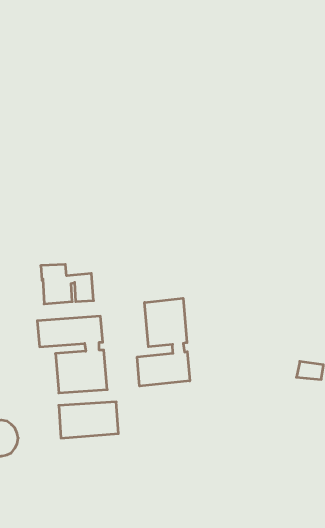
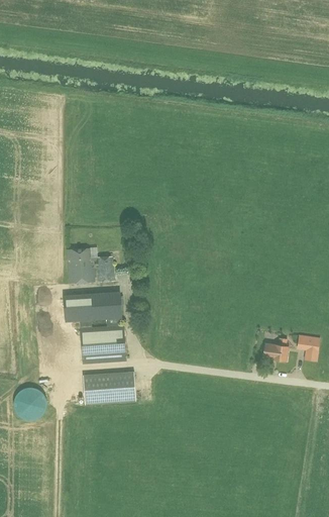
building: [137,298,190,386] -> none
building: none -> [263,337,289,360]

